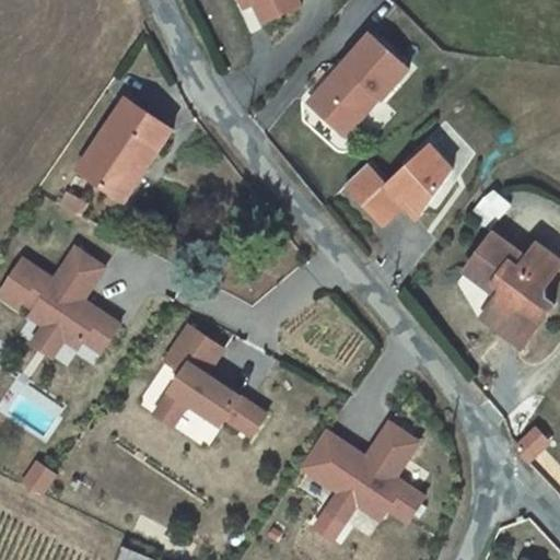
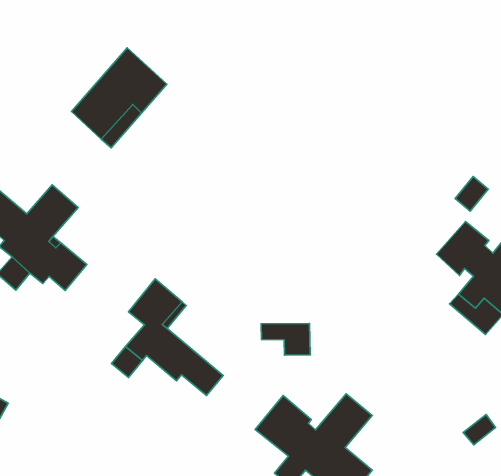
building: [306,35,406,138] -> none
building: [339,145,446,226] -> none
building: none -> [261,324,310,355]

